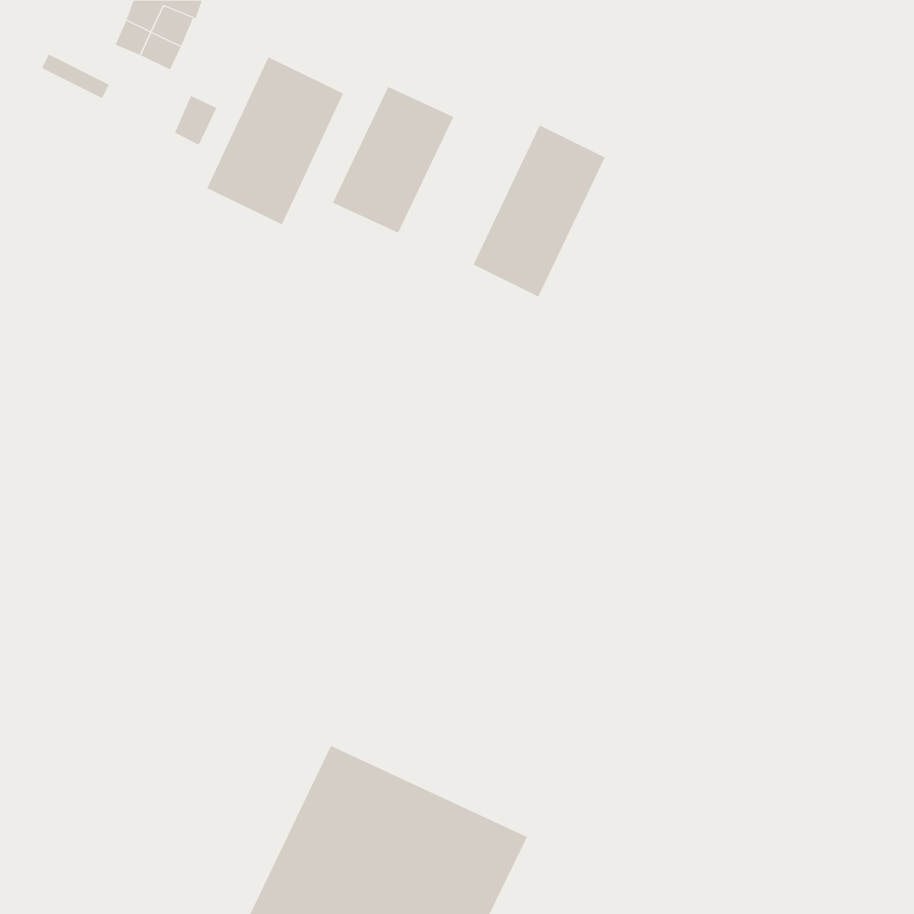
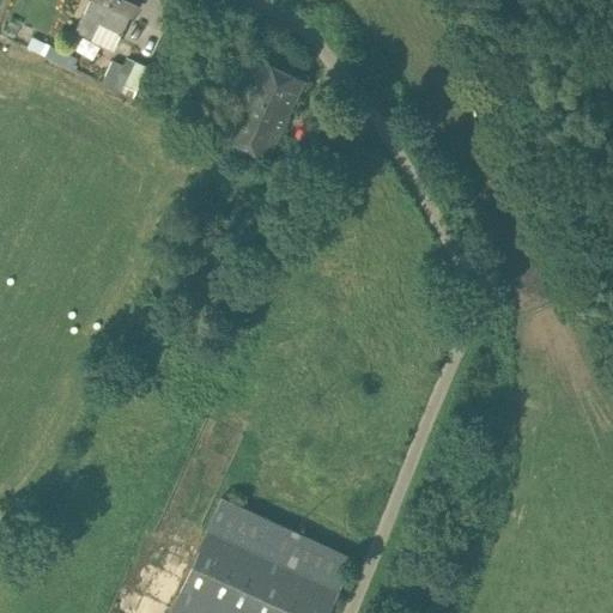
building: [207,57,344,225] -> none
building: [473,125,605,297] -> none

